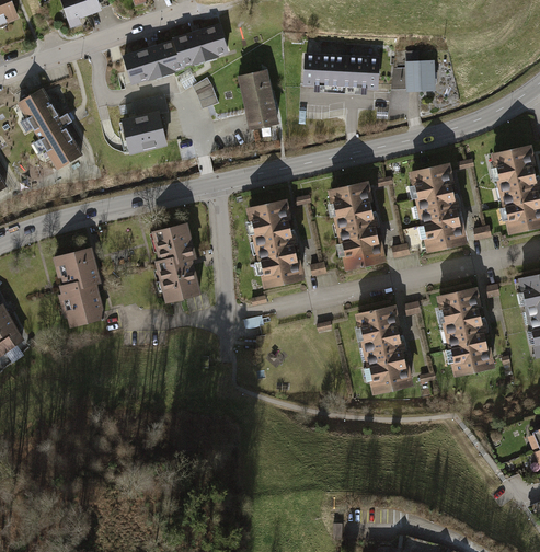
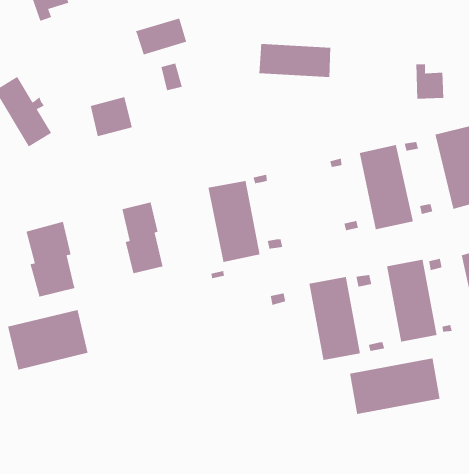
building: [123,43,177,83] -> none
building: [406,50,437,89] -> [416,64,444,99]
building: [238,71,278,127] -> none
building: [329,179,387,268] -> none
building: none -> [7,309,88,370]
building: none -> [349,358,440,415]

